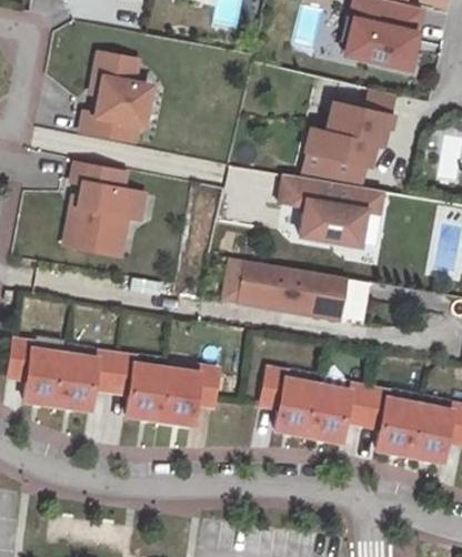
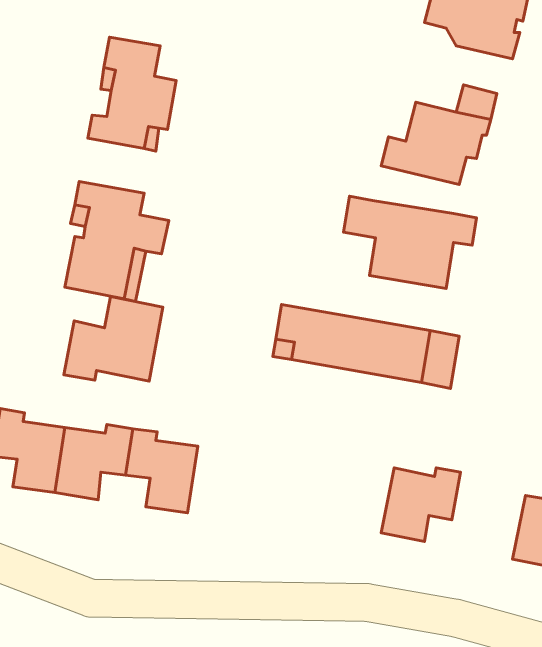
building: [301,152,368,189] -> none
building: none -> [64,296,163,381]
building: [159,366,219,423] -> none
building: [261,367,318,434] -> none
building: [362,387,419,454] -> none

